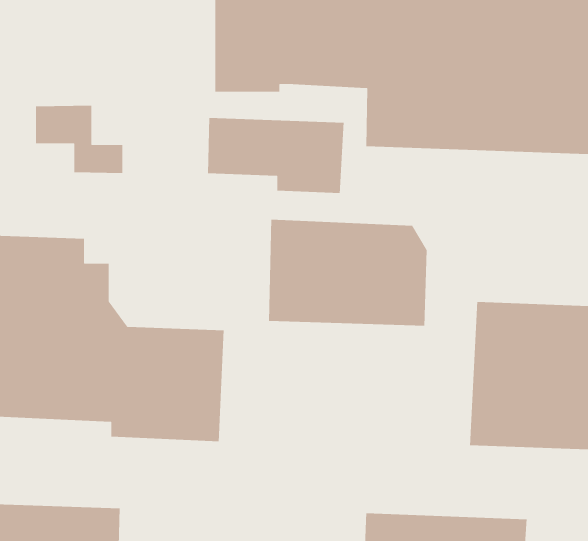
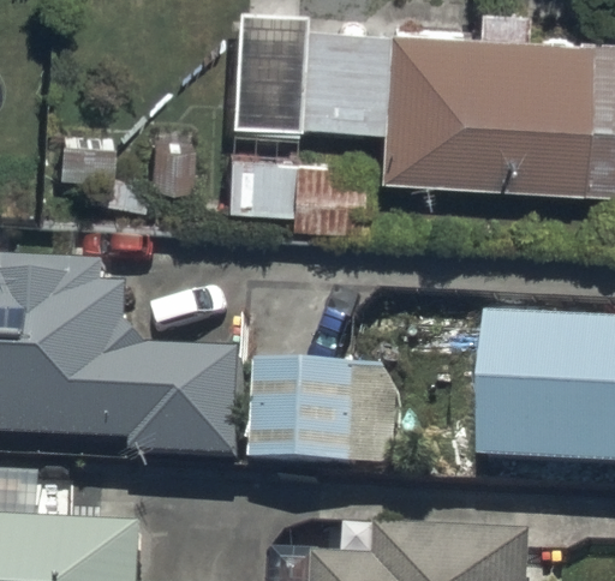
building: [268,219,428,326] -> [247,367,402,472]

